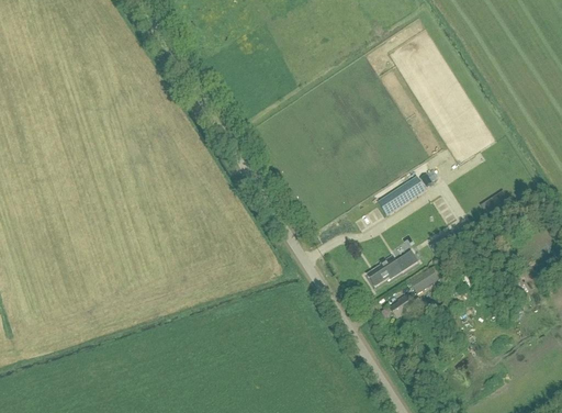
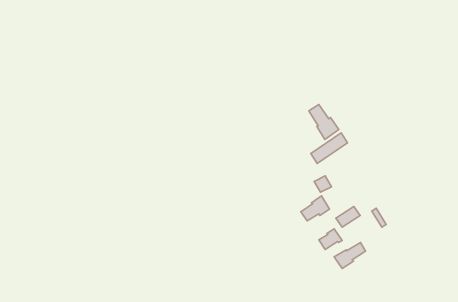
building: none -> [309,105,339,140]
building: none -> [334,243,365,268]

